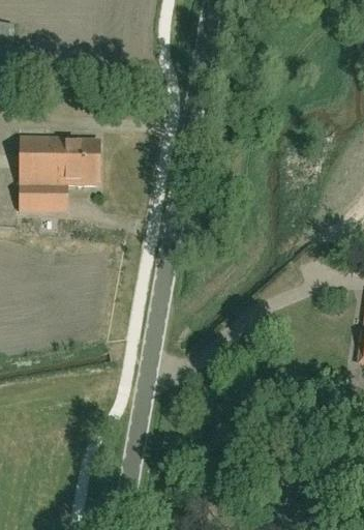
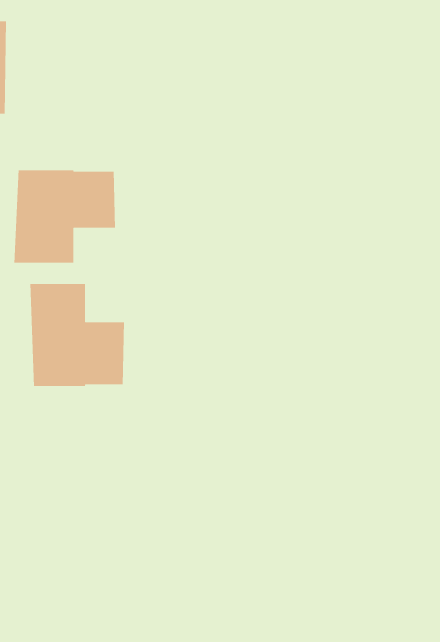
building: none -> [29,283,125,387]

